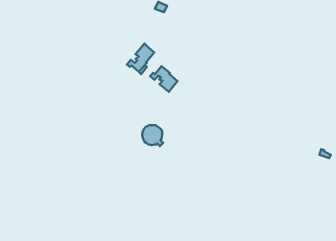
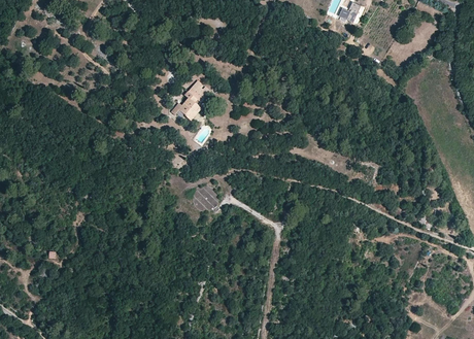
building: [150,66,178,92] -> none

